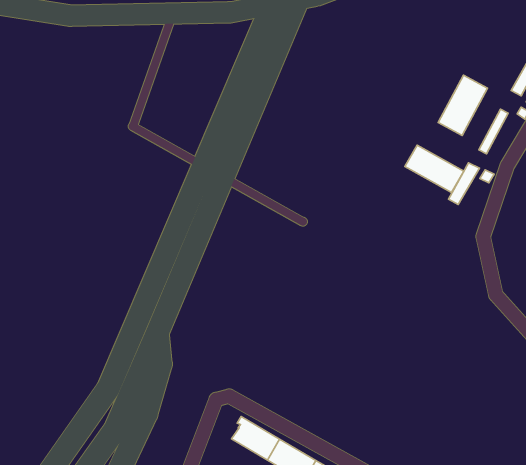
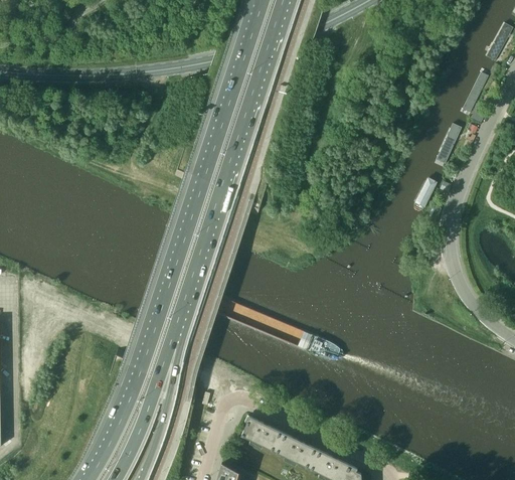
building: [438,75,487,135] -> none
building: [405,145,464,193] -> none

